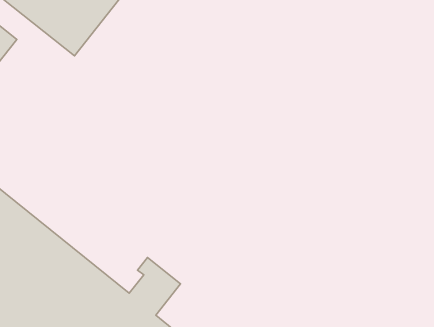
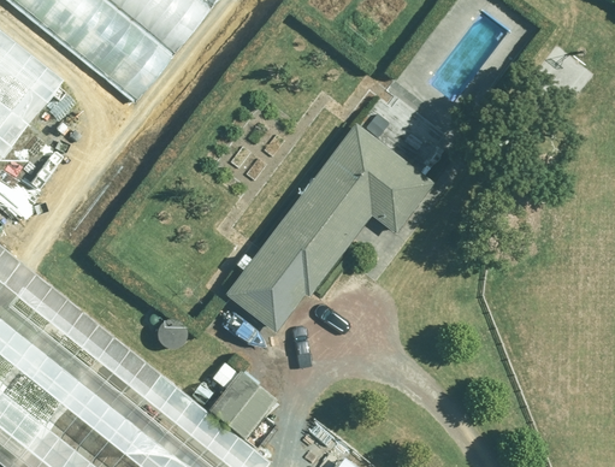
building: none -> [226,125,432,333]

